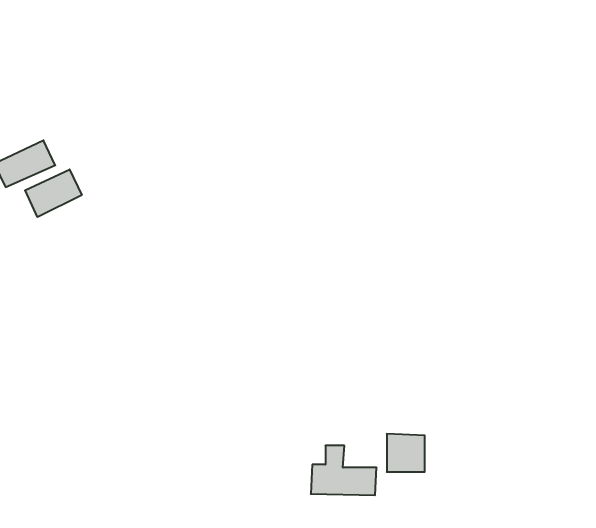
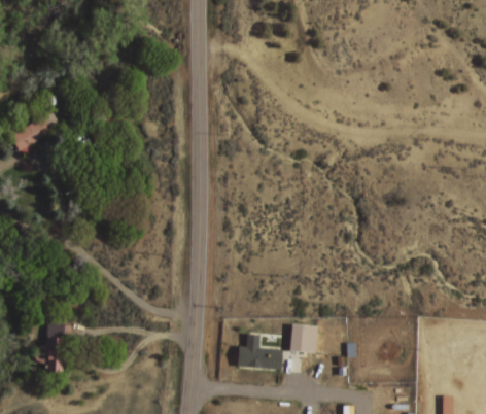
building: [25,169,82,217] -> none
building: none -> [36,322,66,372]

